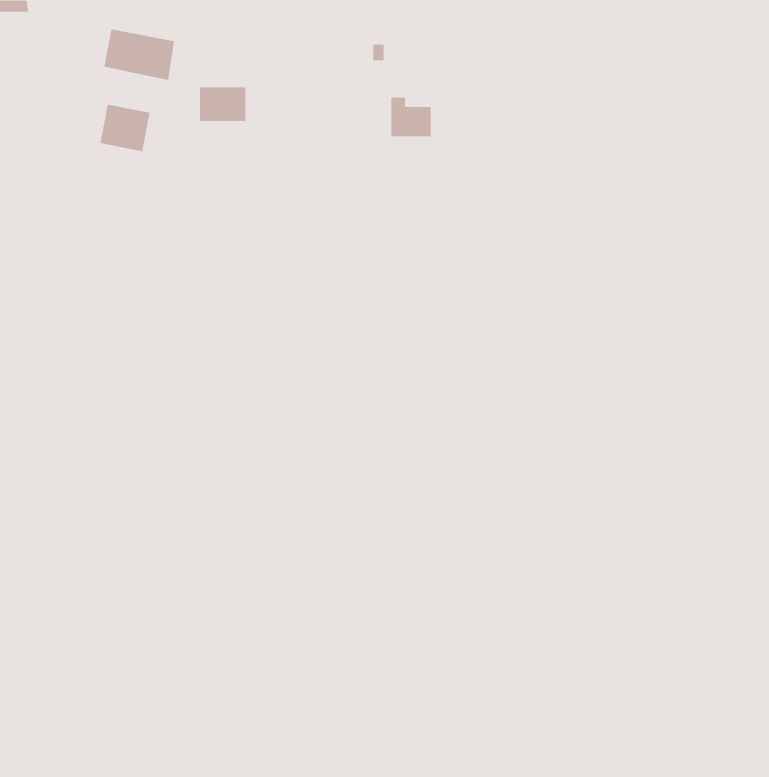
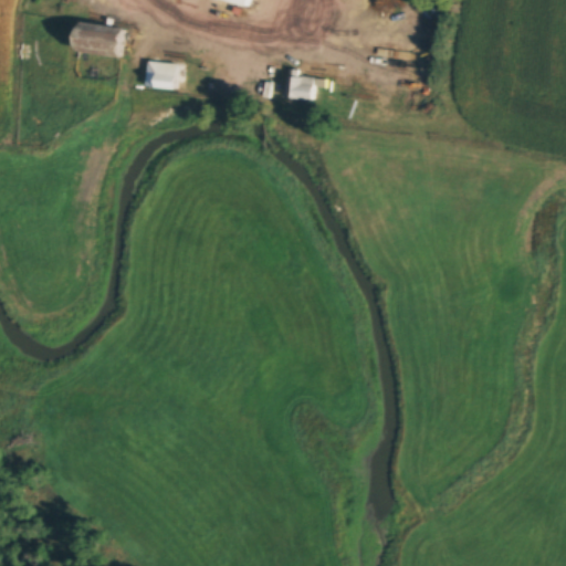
building: [100,104,150,152] -> none

